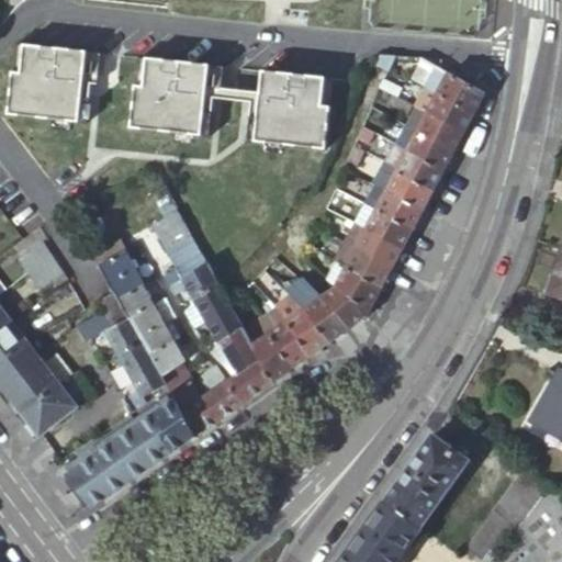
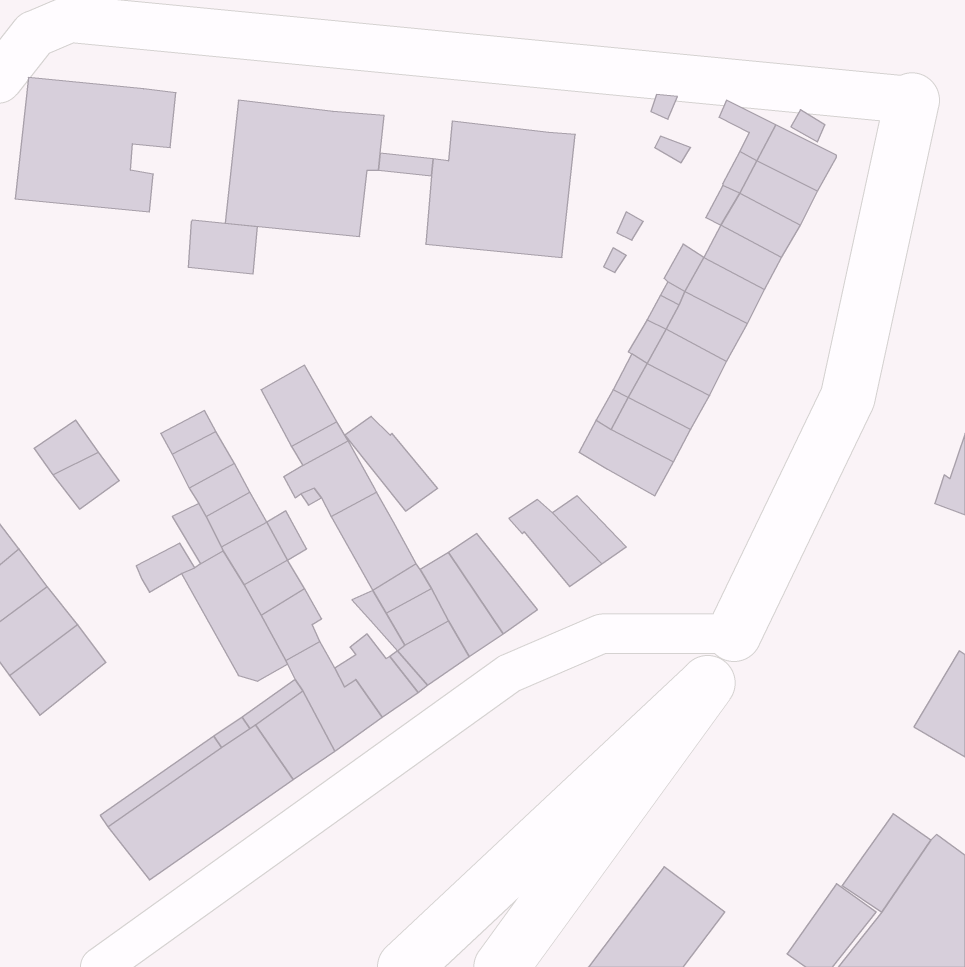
building: none -> [188,220,257,274]
building: [327,262,380,317] -> none
building: [277,299,330,353] -> [345,416,438,511]
building: [23,384,79,437] -> none
building: [385,435,470,529] -> none

